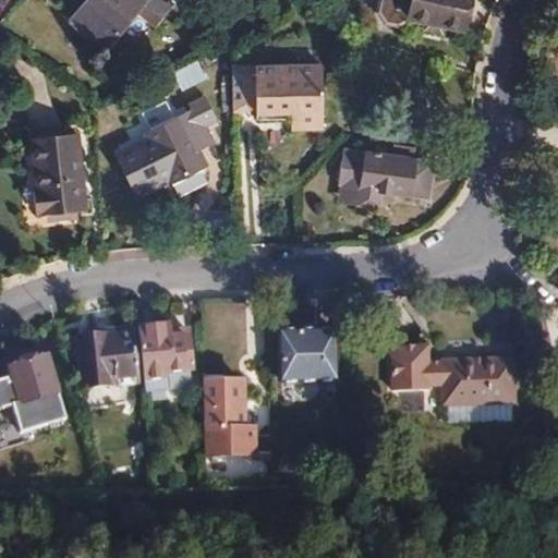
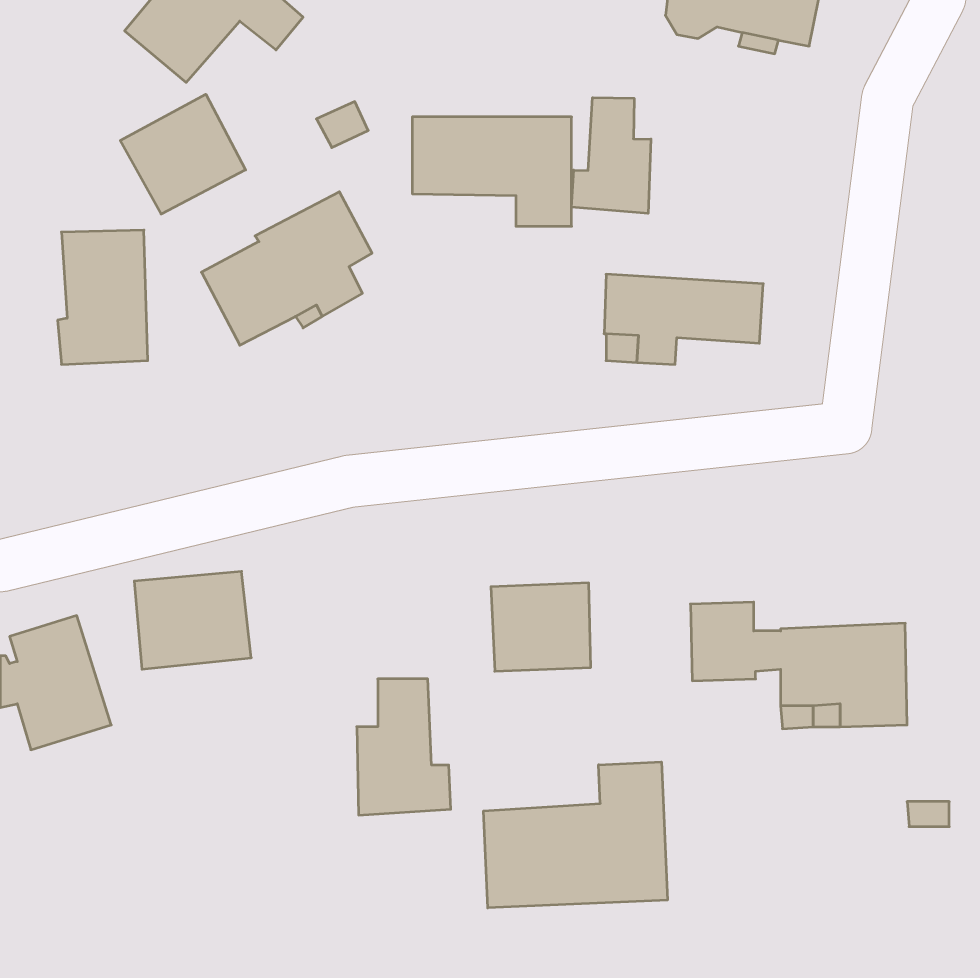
building: none -> [120,94,246,214]
building: none -> [572,98,651,213]
building: [137,322,194,391] -> none
building: none -> [484,762,667,908]

